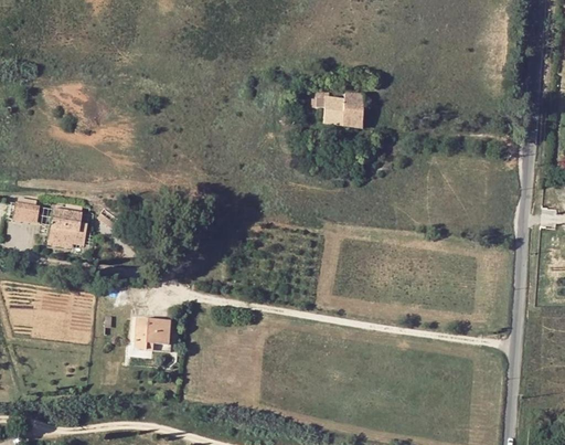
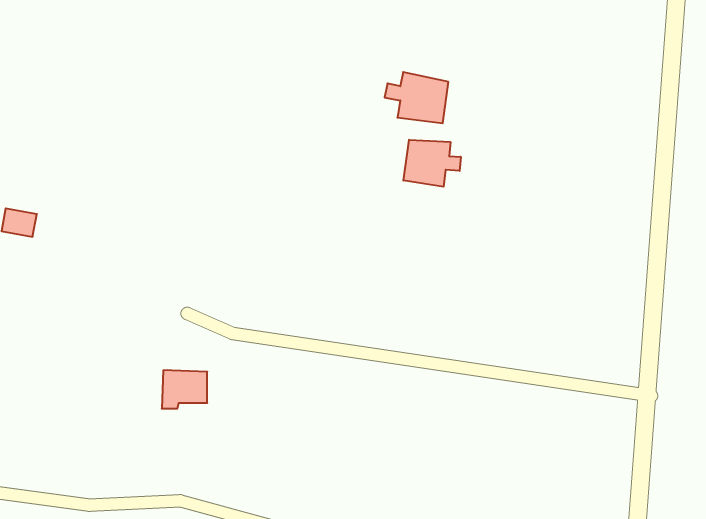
building: none -> [403,140,461,187]
building: [47,201,90,245] -> none

